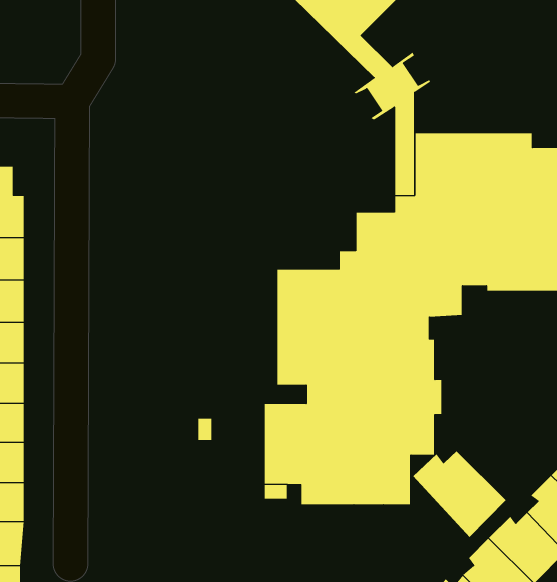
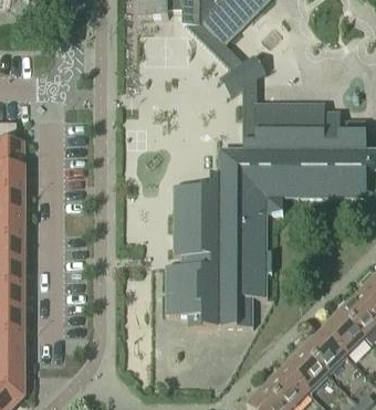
building: [413,450,506,538] -> none

